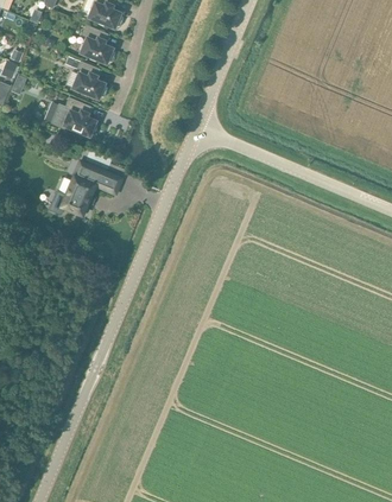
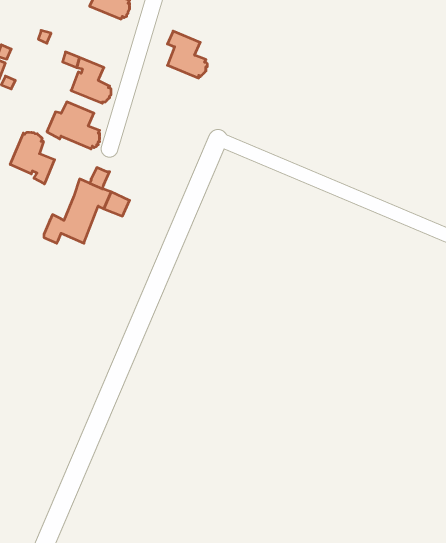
building: [81,25,114,64] -> [167,31,207,78]
building: none -> [10,132,55,184]

